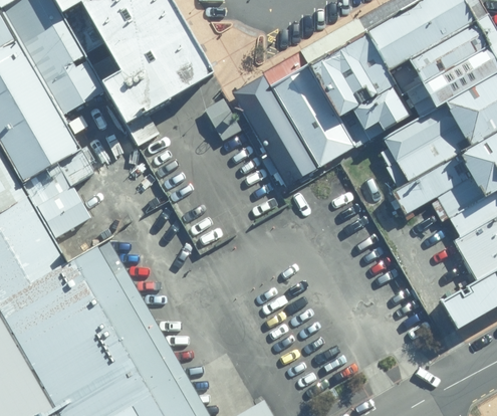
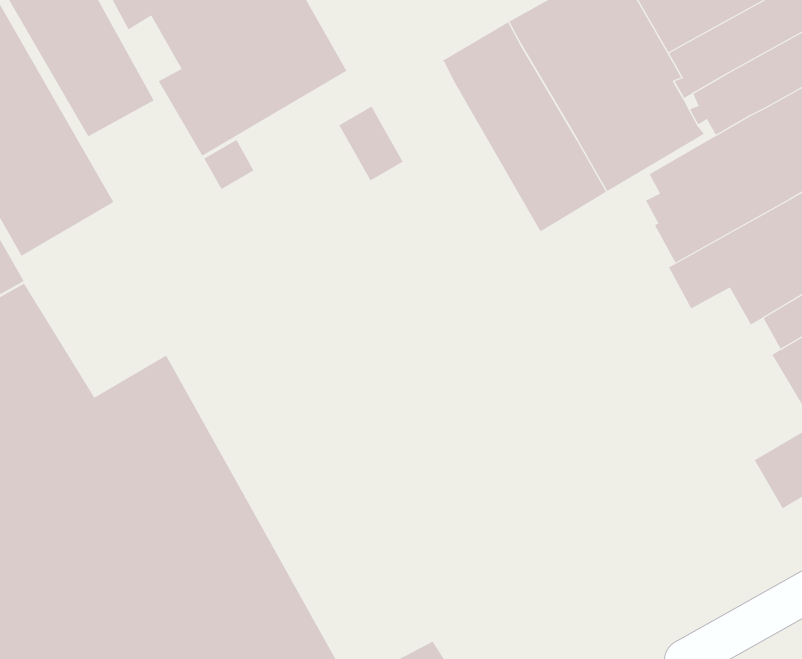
building: [233,71,321,187] -> none
building: [24,152,90,238] -> none

